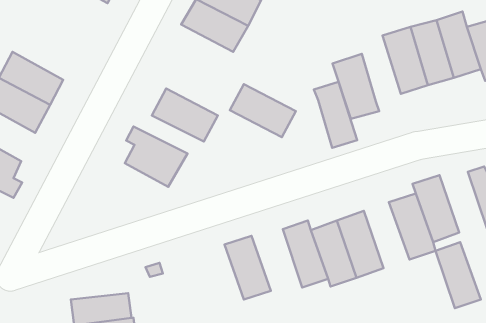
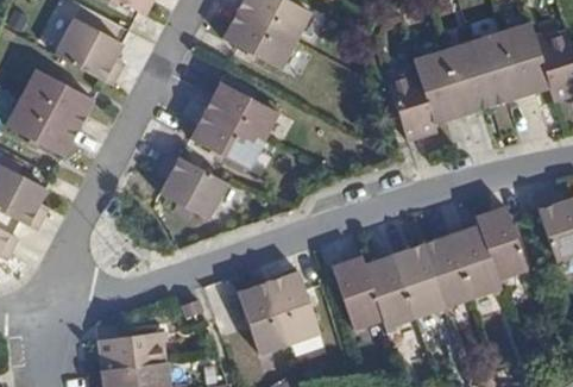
building: none -> [53,18,120,83]
building: [314,82,357,148] -> [415,50,462,123]
building: [230,84,296,137] -> [204,80,277,138]
building: [435,242,481,308] -> [422,233,472,306]
building: none -> [238,280,290,352]

